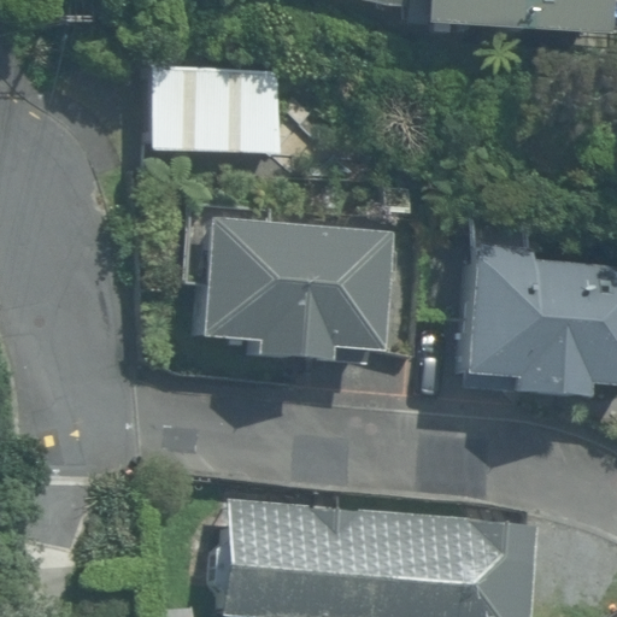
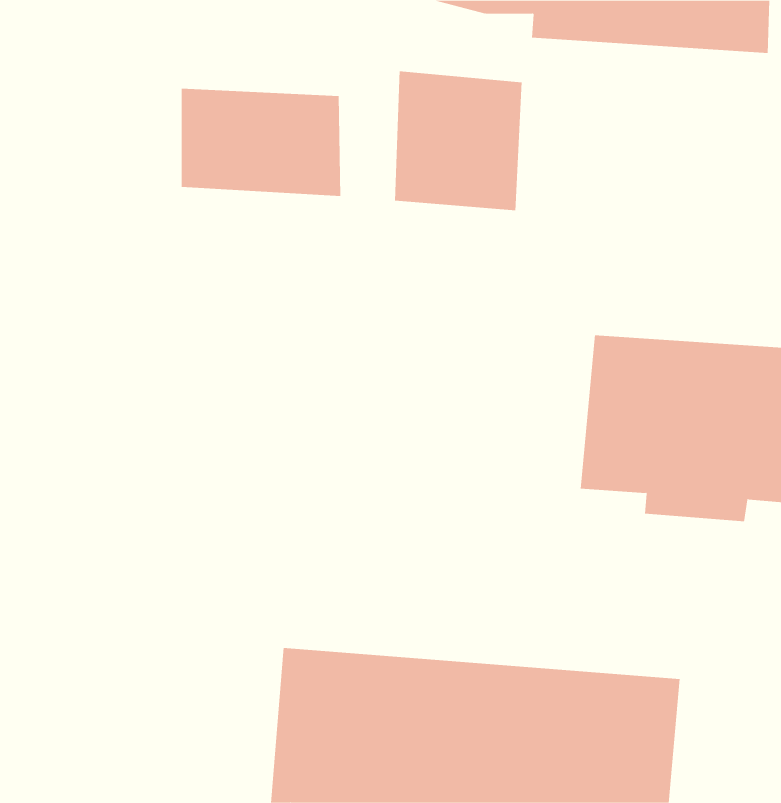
building: none -> [394,70,522,211]
building: [200,218,390,363] -> none

